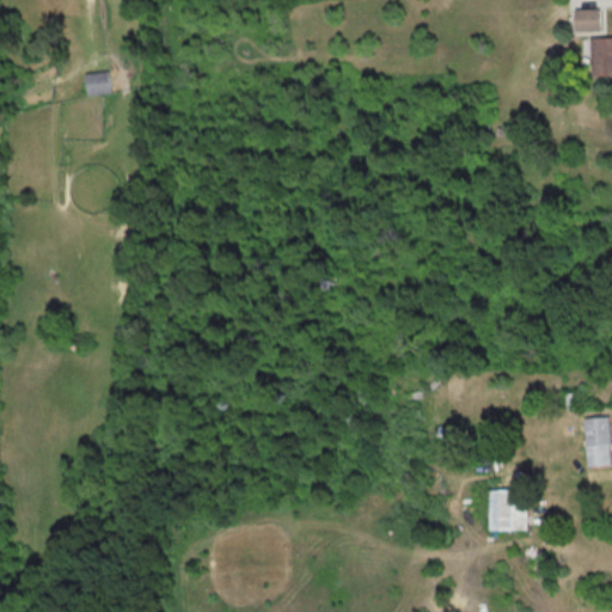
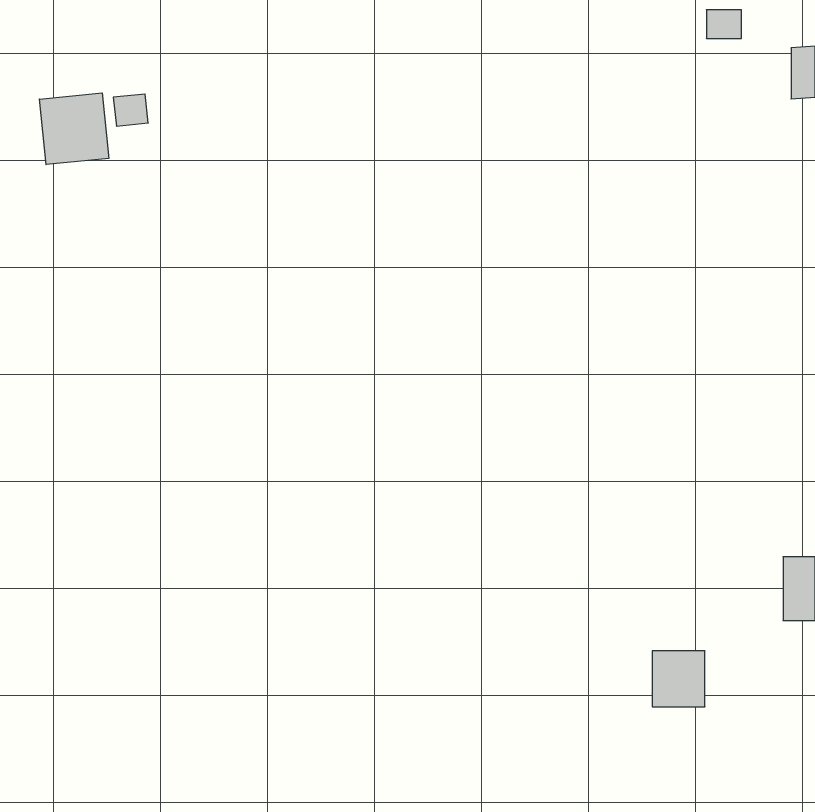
building: [577,11,604,32] -> [706,10,741,38]
building: none -> [39,93,109,165]

